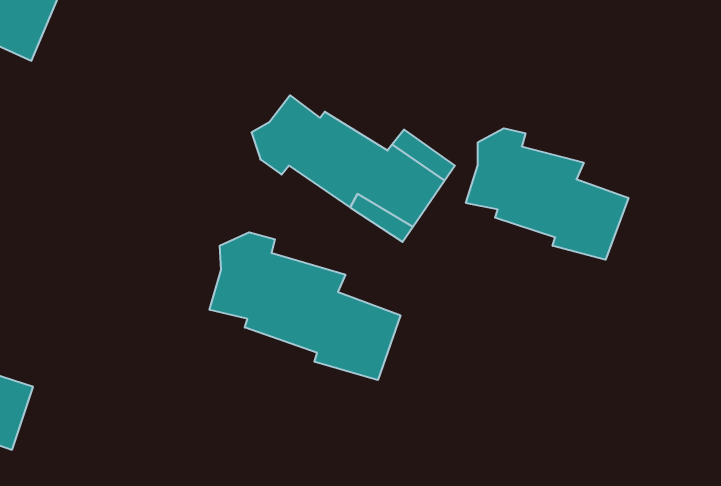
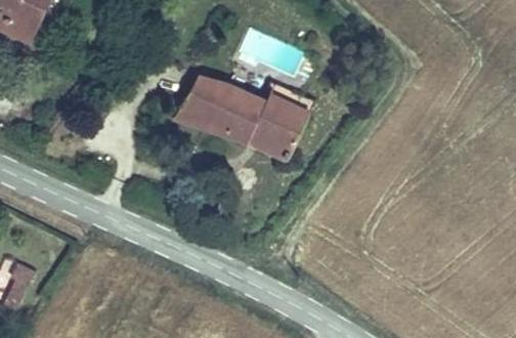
building: [466,128,628,260] -> none
building: [210,232,400,380] -> none

